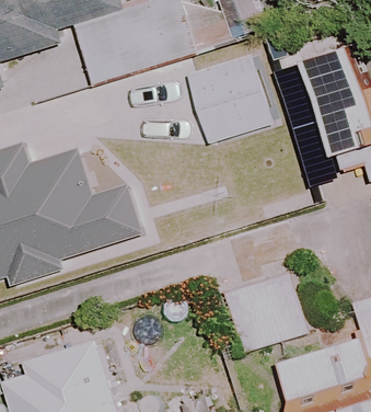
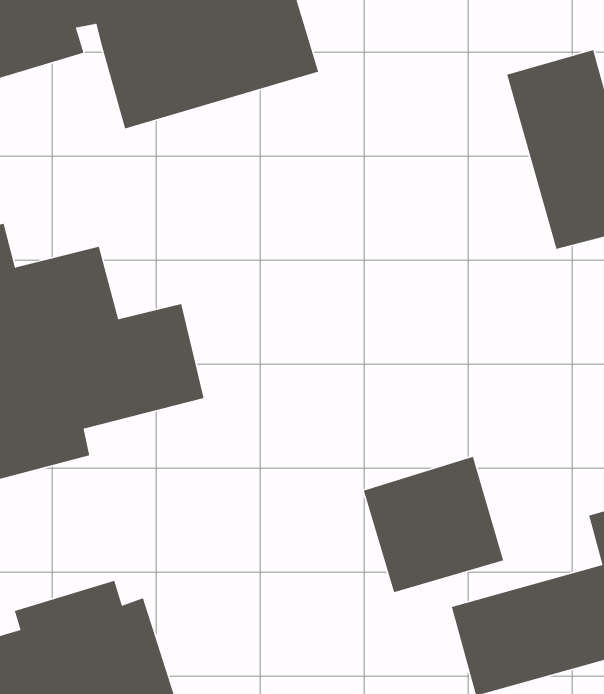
building: [184,53,275,144] -> none

